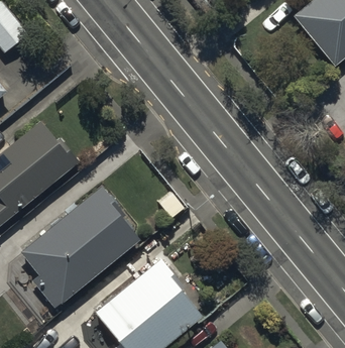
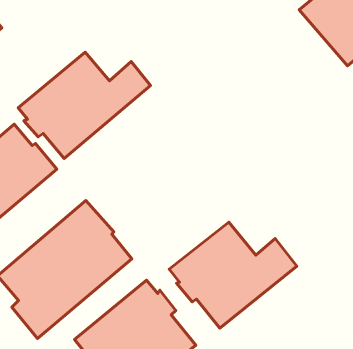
building: none -> [18,52,151,158]
building: none -> [169,222,297,328]

